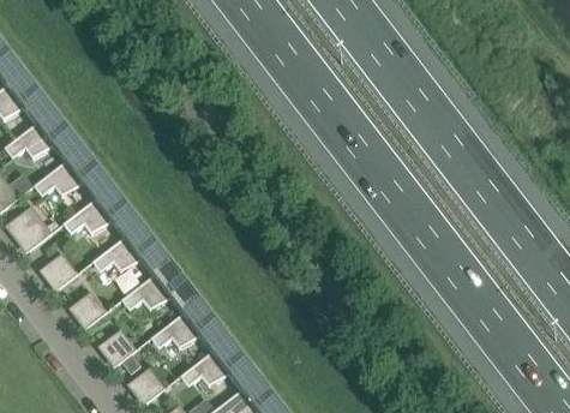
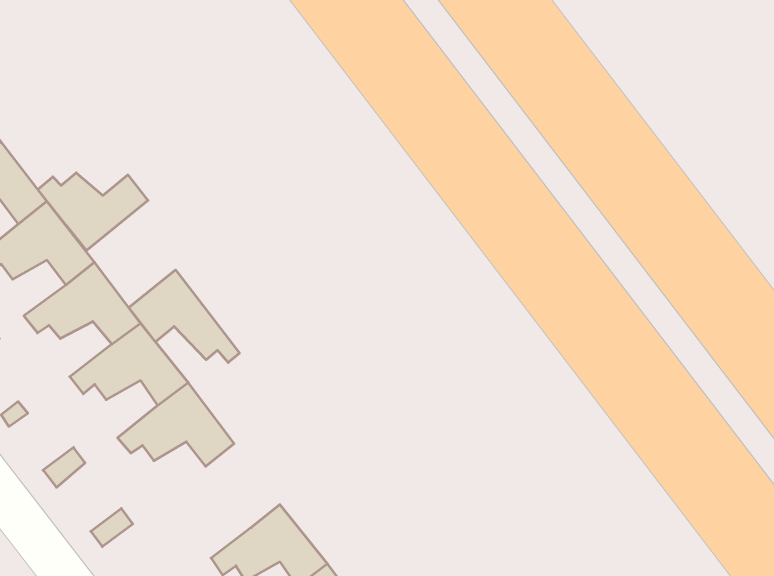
building: none -> [38,173,148,251]
building: none -> [129,270,239,363]
building: [157,298,230,351] -> none

